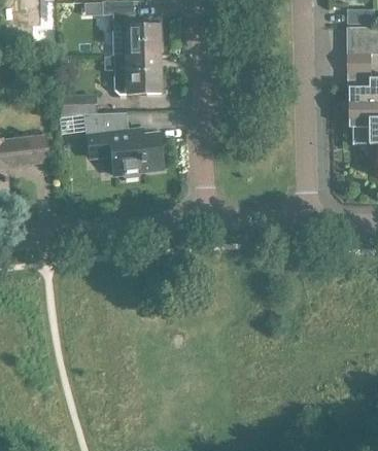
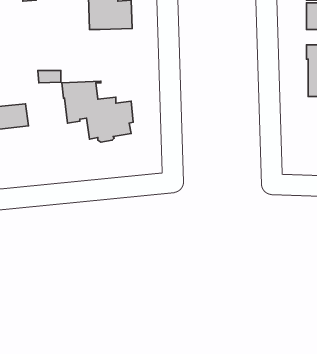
building: [103,55,160,93] -> none

